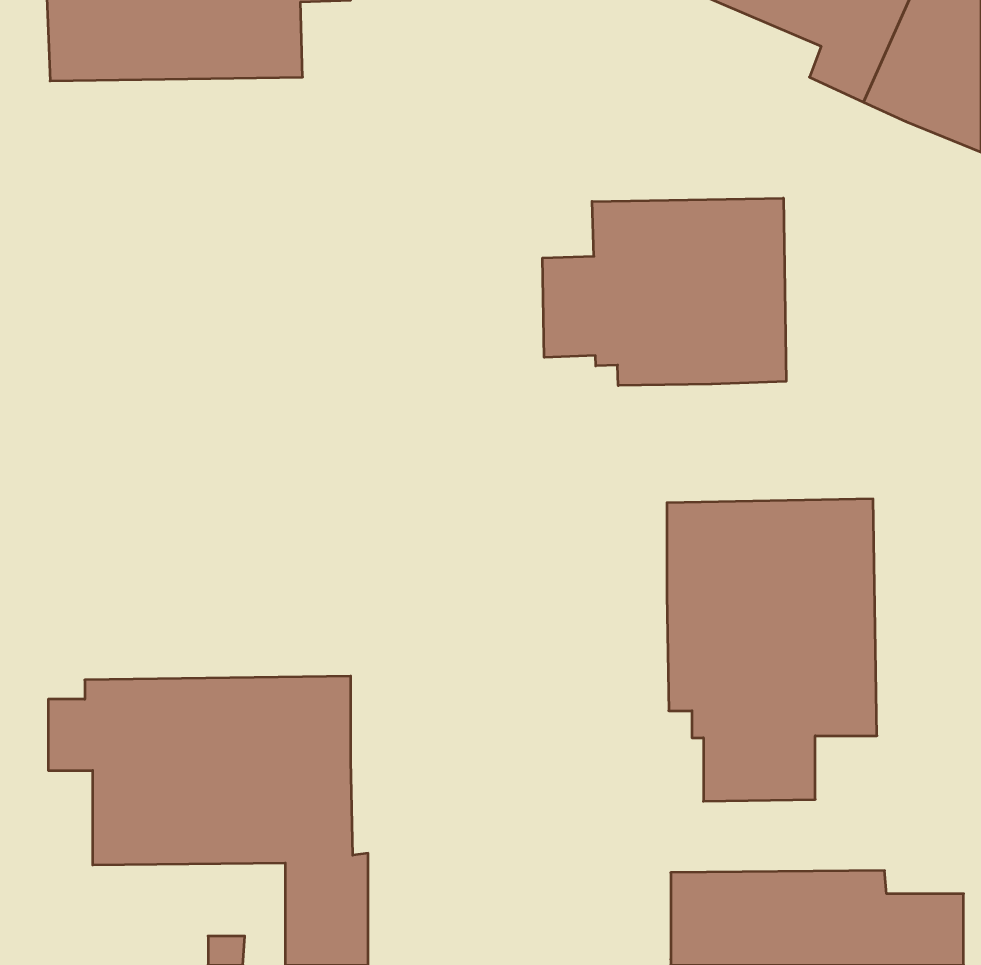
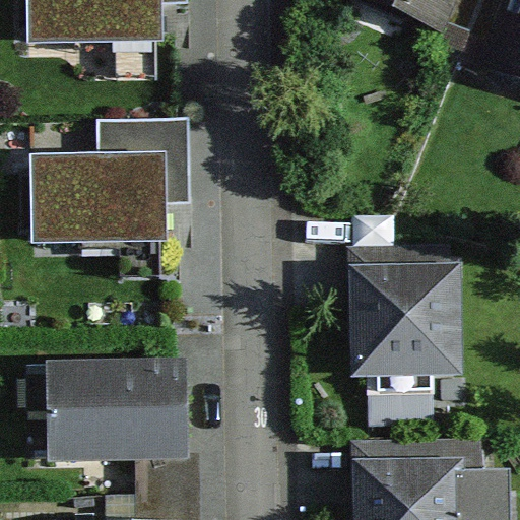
building: [543,198,786,386] -> none
building: none -> [28,111,188,245]

